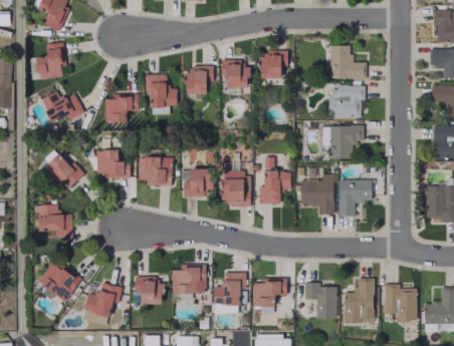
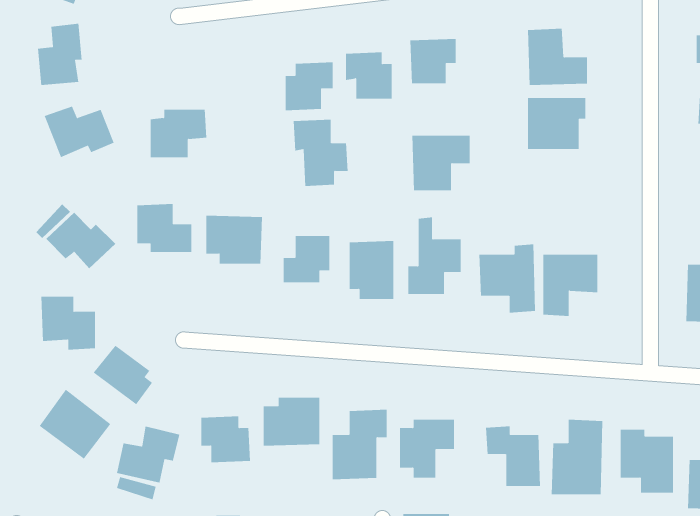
building: [145,74,178,114] -> [293,119,348,187]
building: [328,125,364,158] -> [411,135,470,191]
building: none -> [93,345,153,405]

